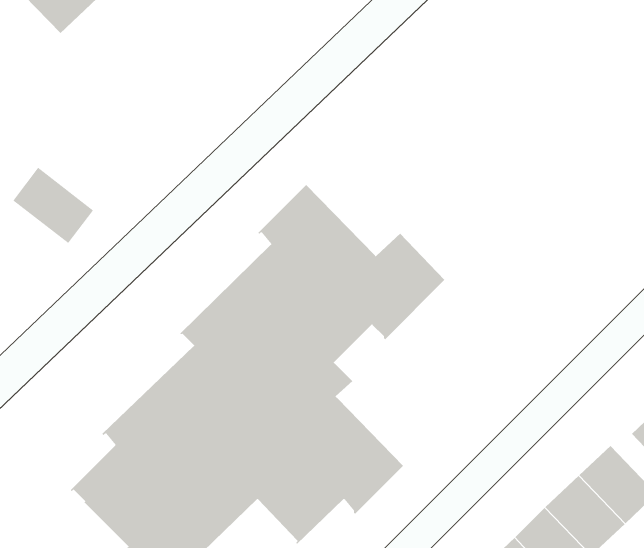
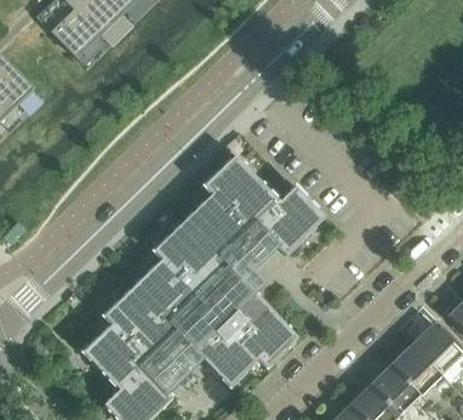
building: [13,167,94,244] -> none

